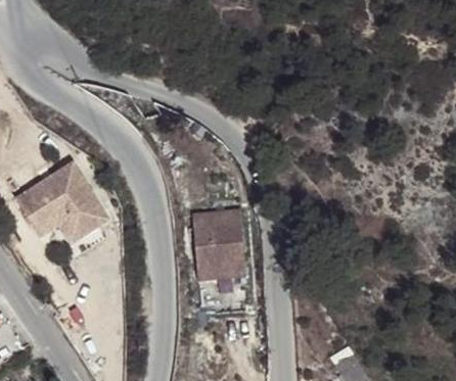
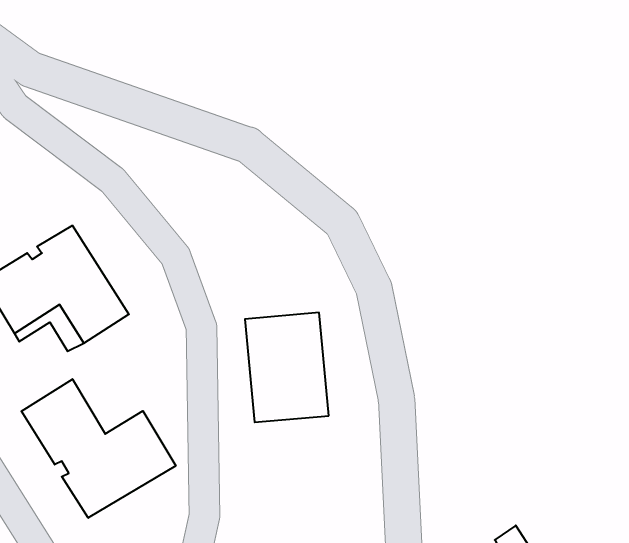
building: none -> [21,379,176,518]

